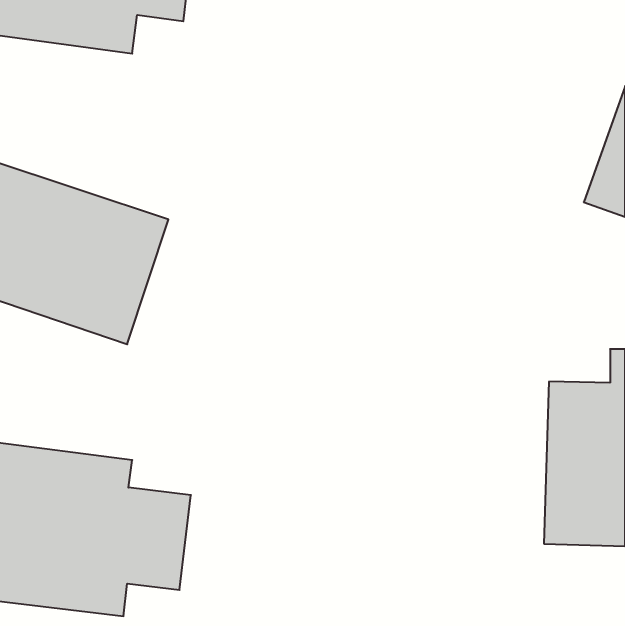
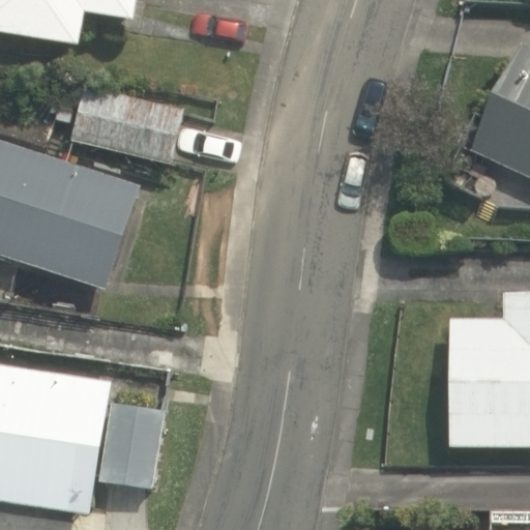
building: none -> [64,83,182,165]

